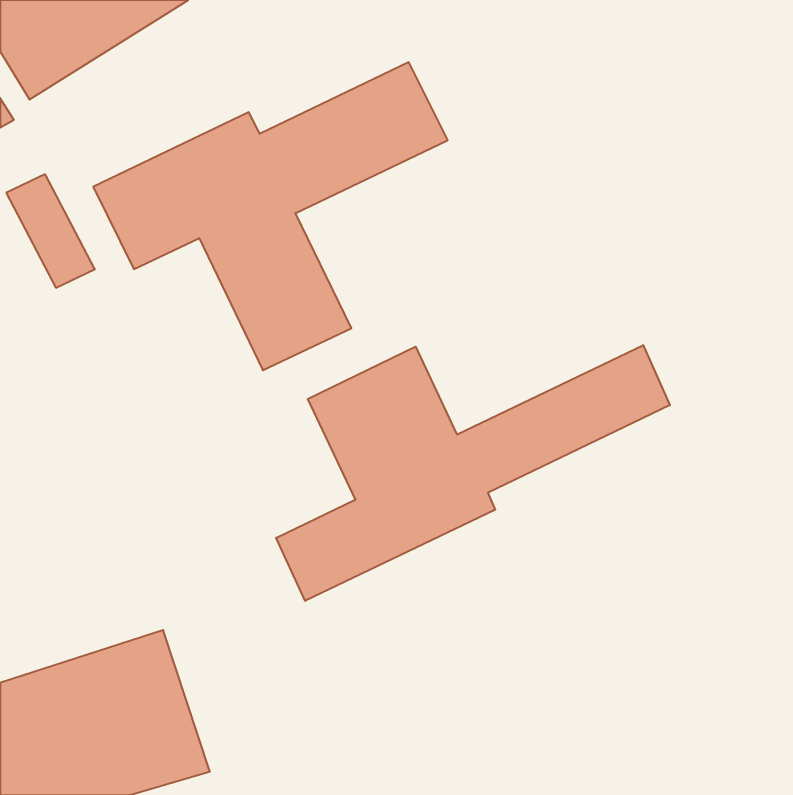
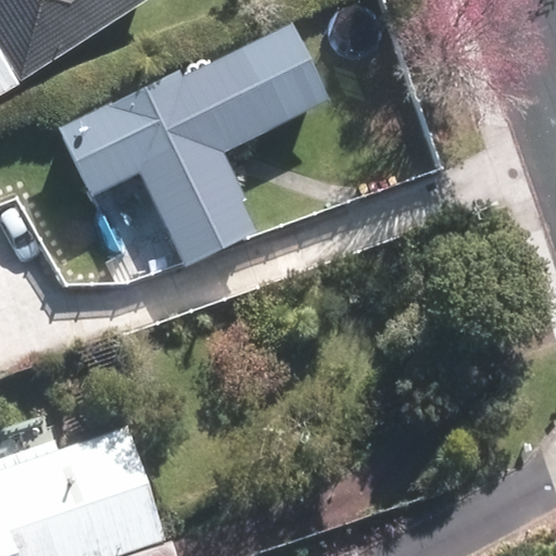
building: [276,345,670,601] -> none

